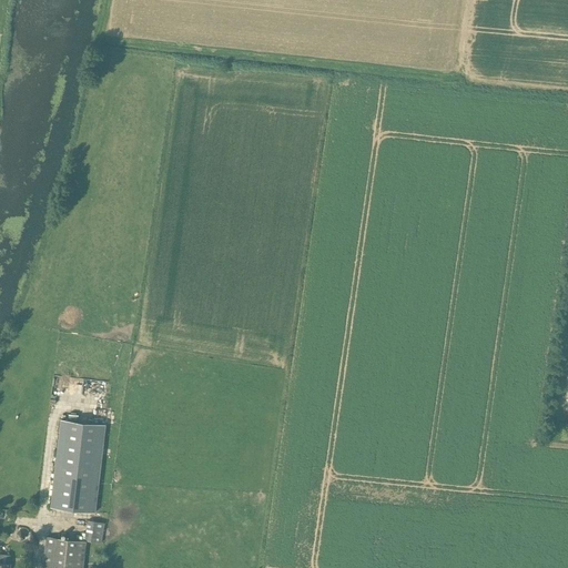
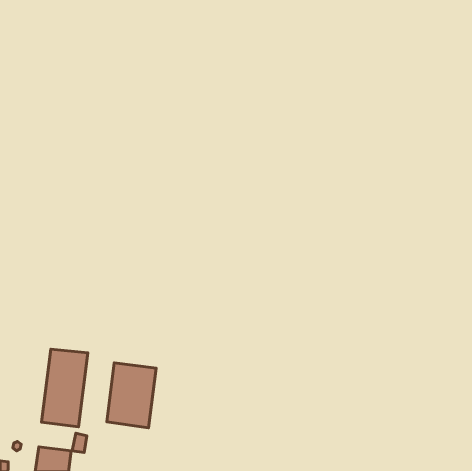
building: none -> [107,363,156,428]

